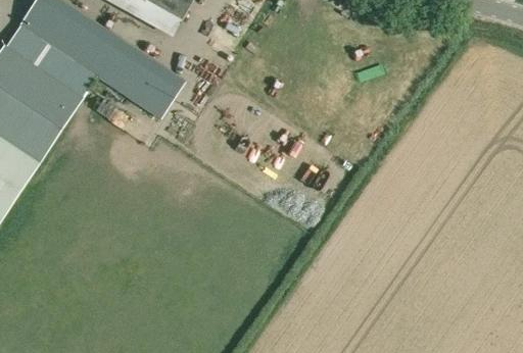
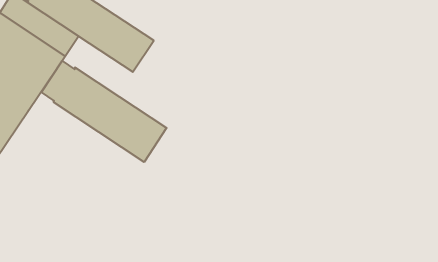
building: none -> [41,61,167,162]

